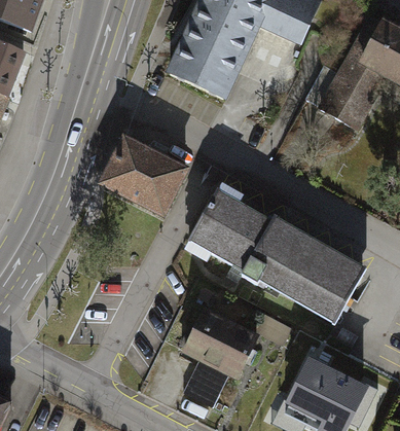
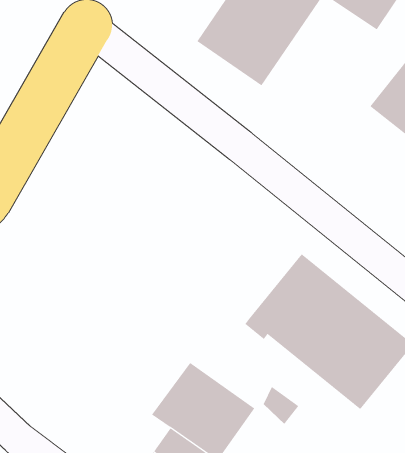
building: [102,135,192,218] -> none
building: [188,189,270,270] -> none

